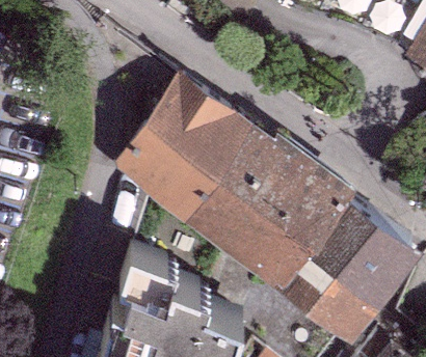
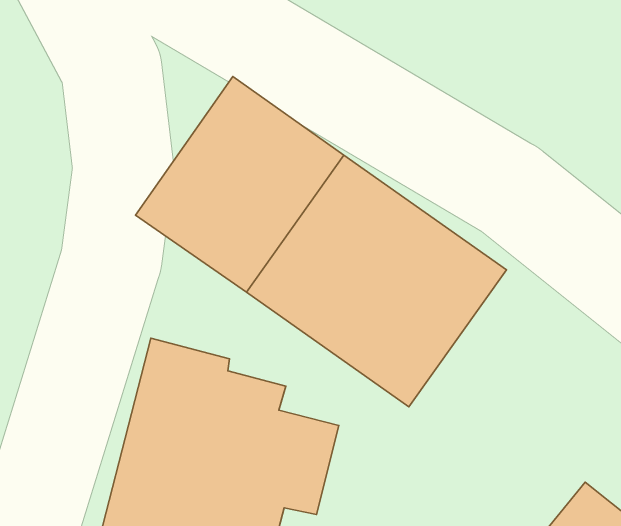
building: [282,200,403,328] -> none

